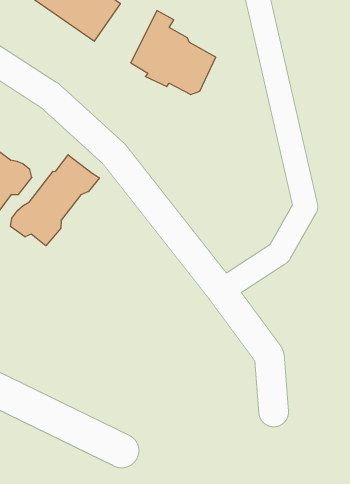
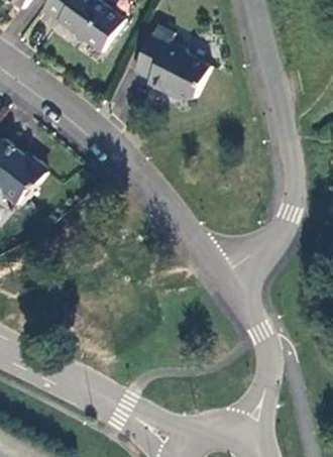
building: [11,155,99,246] -> none

